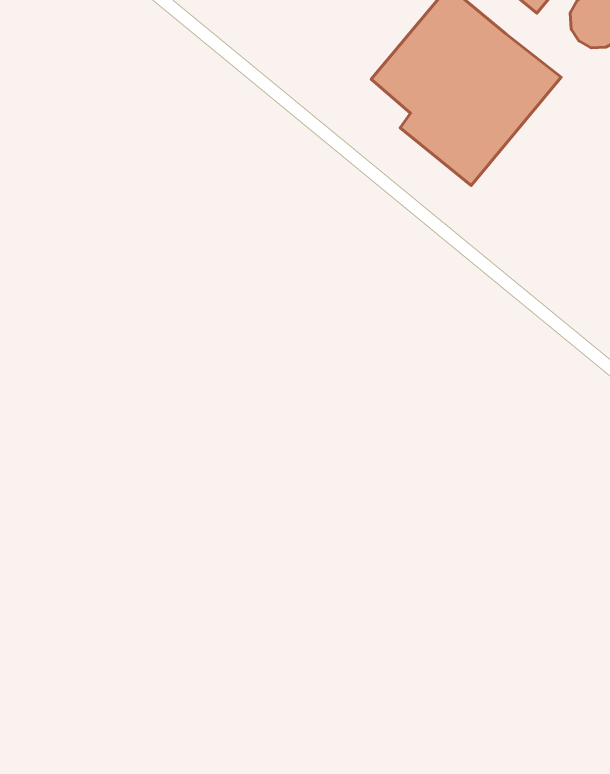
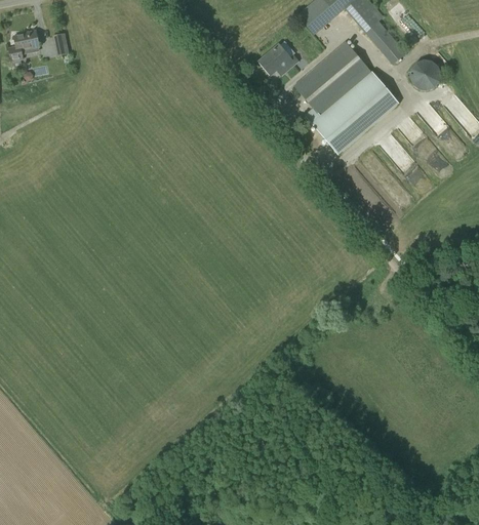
building: none -> [257,44,297,74]

